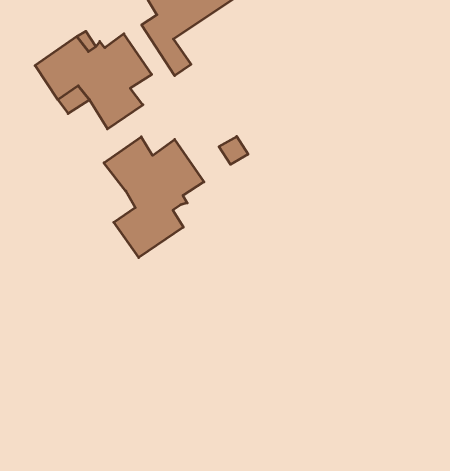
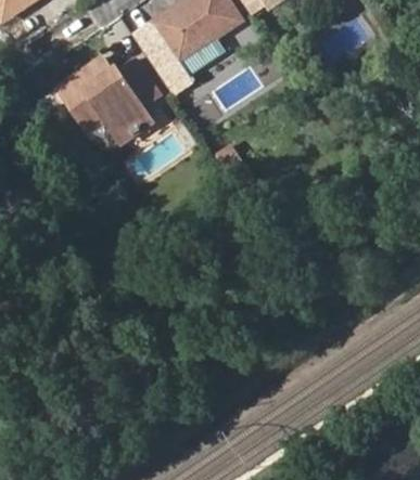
building: [104,137,204,258] -> none

